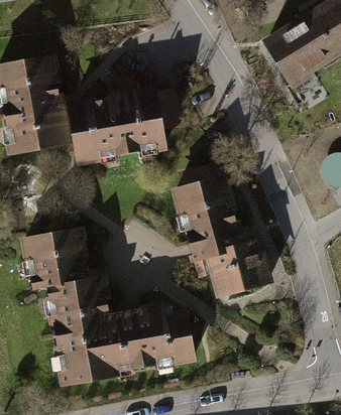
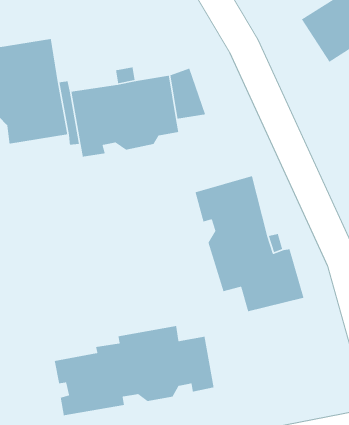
building: [22,229,110,334] -> none

